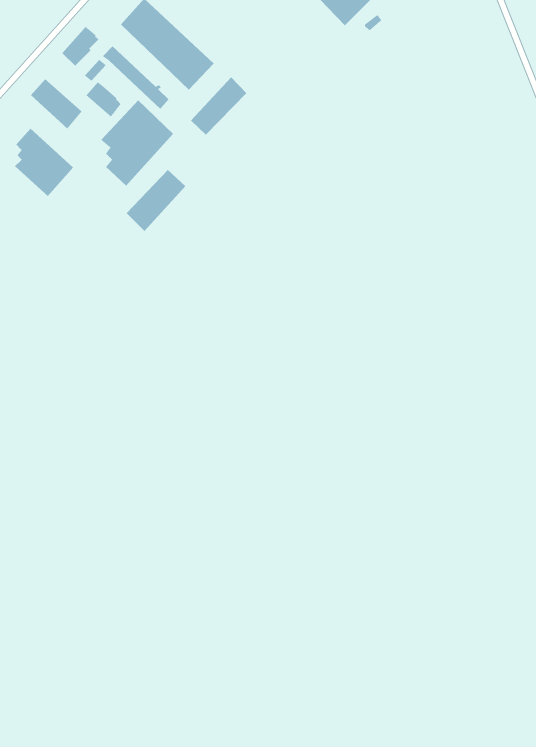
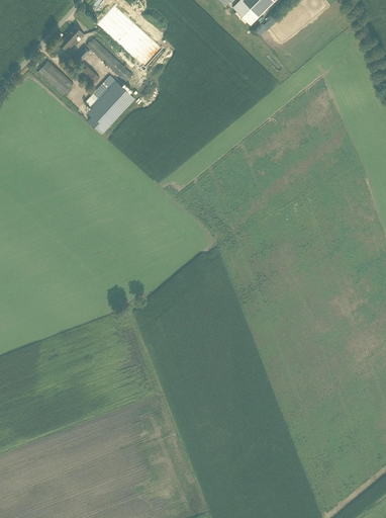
building: [190,76,247,136] -> none
building: [14,128,74,197] -> none
building: [126,169,186,232] -> none

